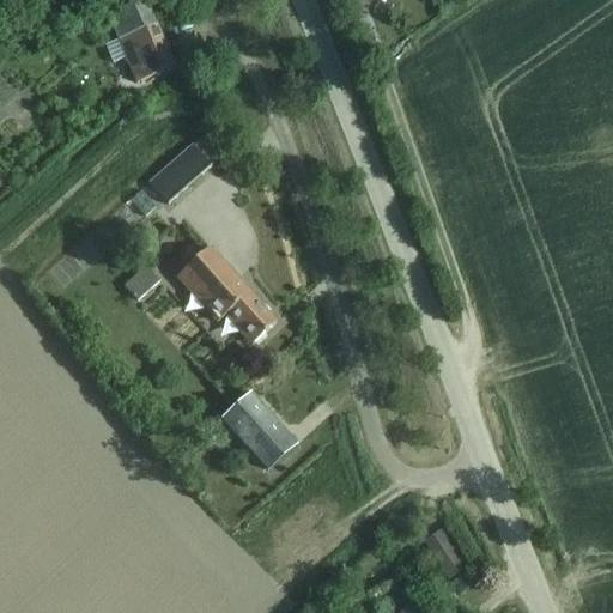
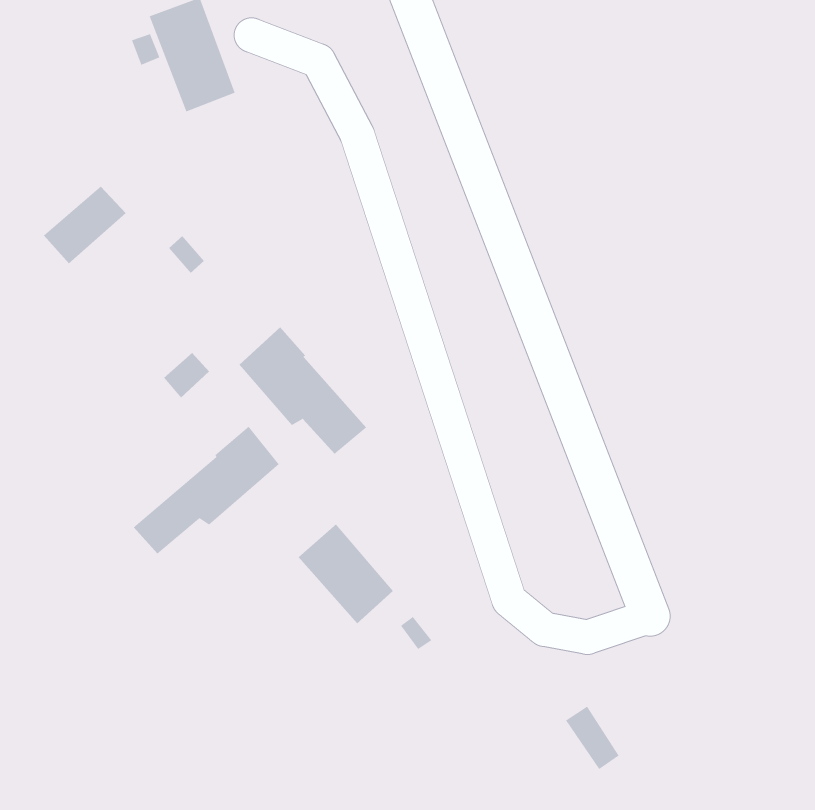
building: [147,142,210,201] -> [43,186,126,264]
building: none -> [133,426,279,554]

